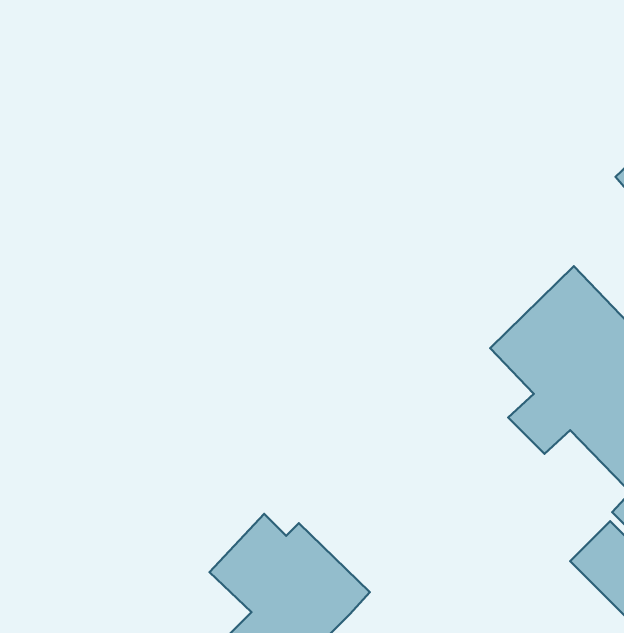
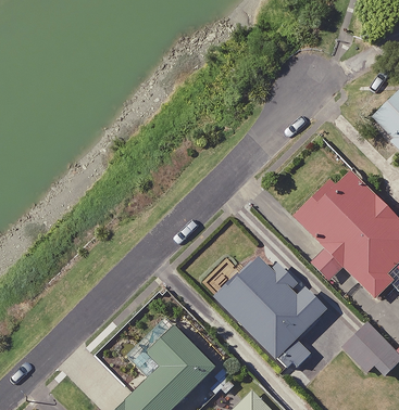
building: none -> [203,256,326,359]

